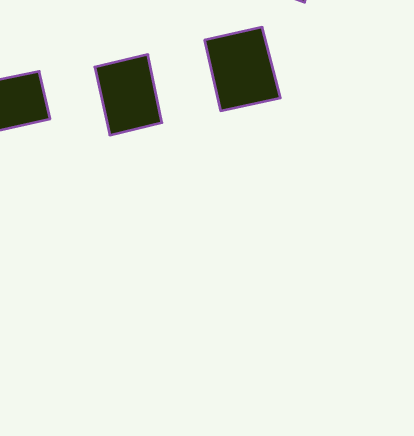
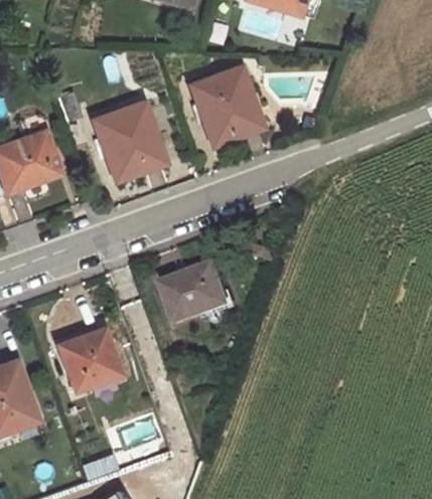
building: none -> [165,261,230,319]
building: none -> [59,328,120,390]

